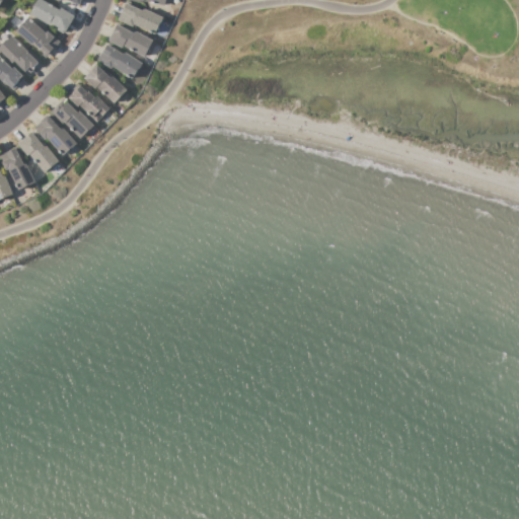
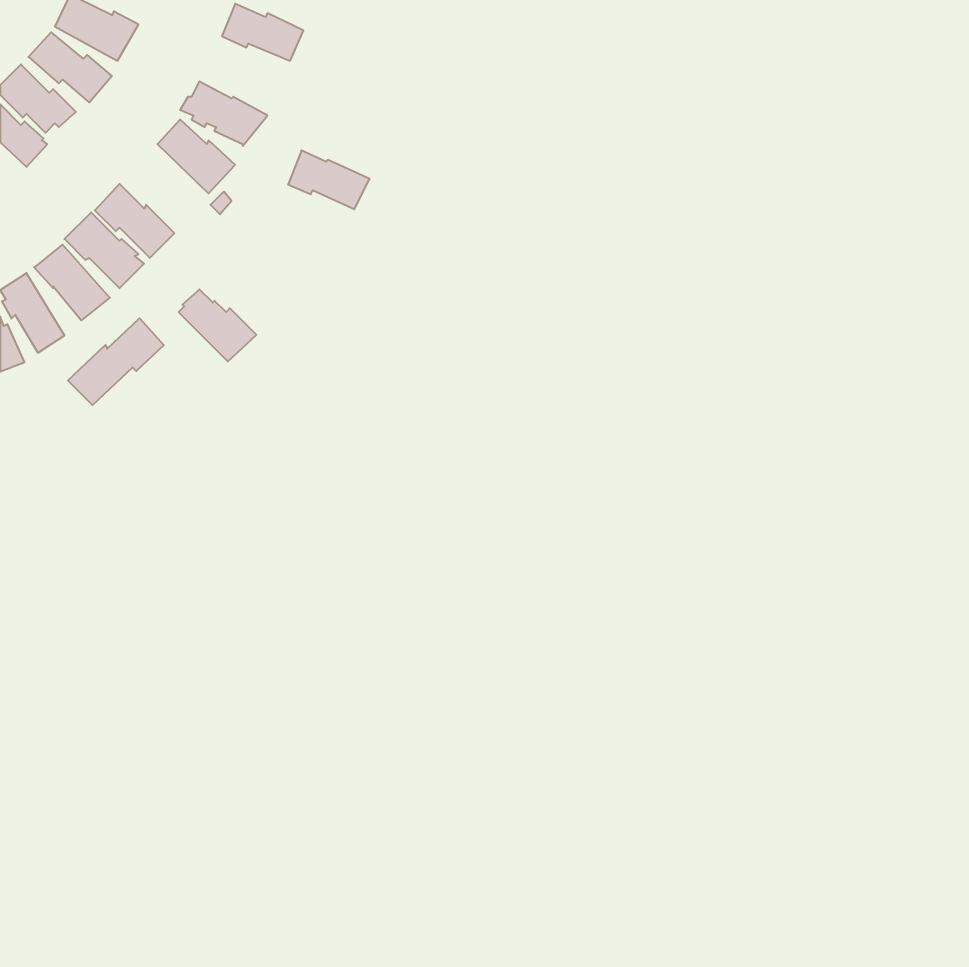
building: [109,23,153,55] -> [288,150,370,209]
building: [69,84,110,123] -> [179,289,256,361]
building: none -> [68,318,164,405]

